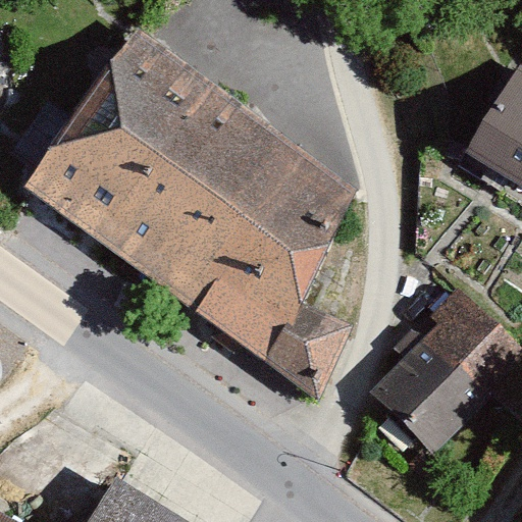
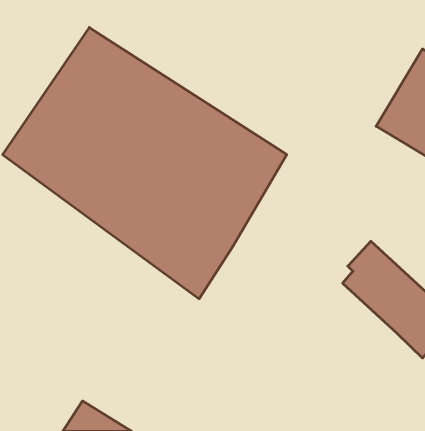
building: [253,293,355,395] -> none
building: [373,336,487,458] -> none

